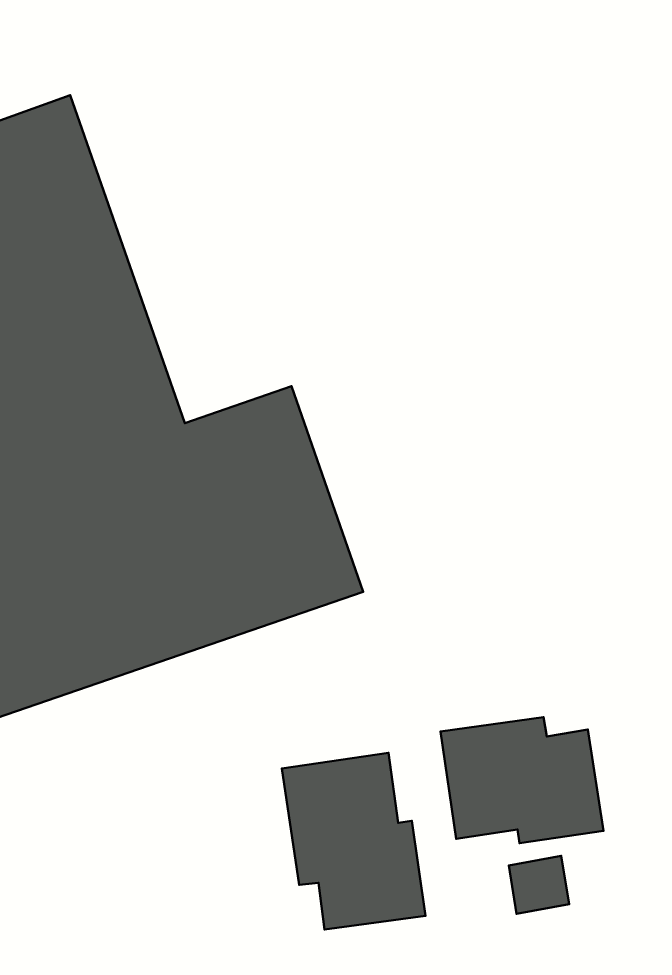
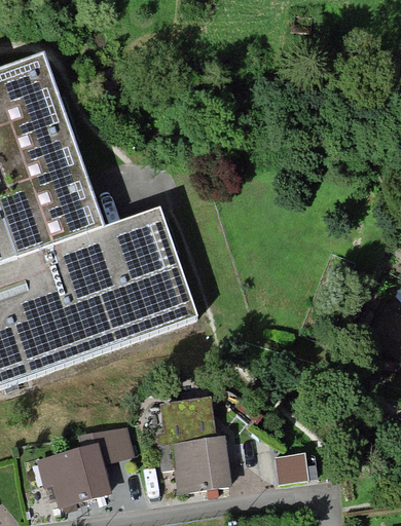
building: [440,717,604,843] -> none
building: none -> [36,427,135,508]

